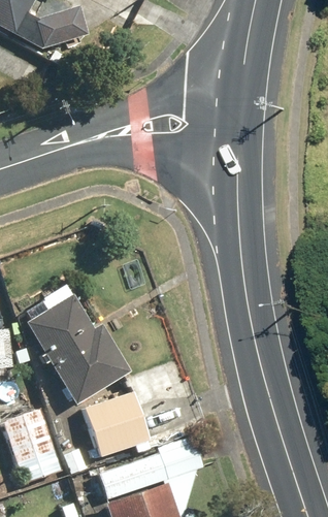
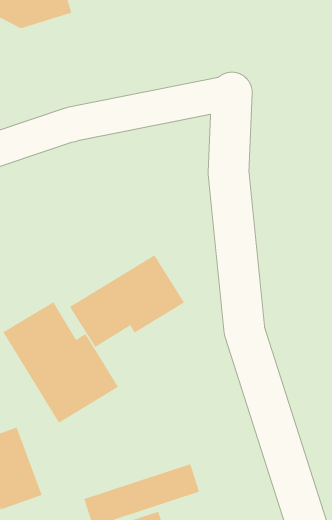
building: none -> [69,254,185,348]
building: [85,391,151,456] -> none

